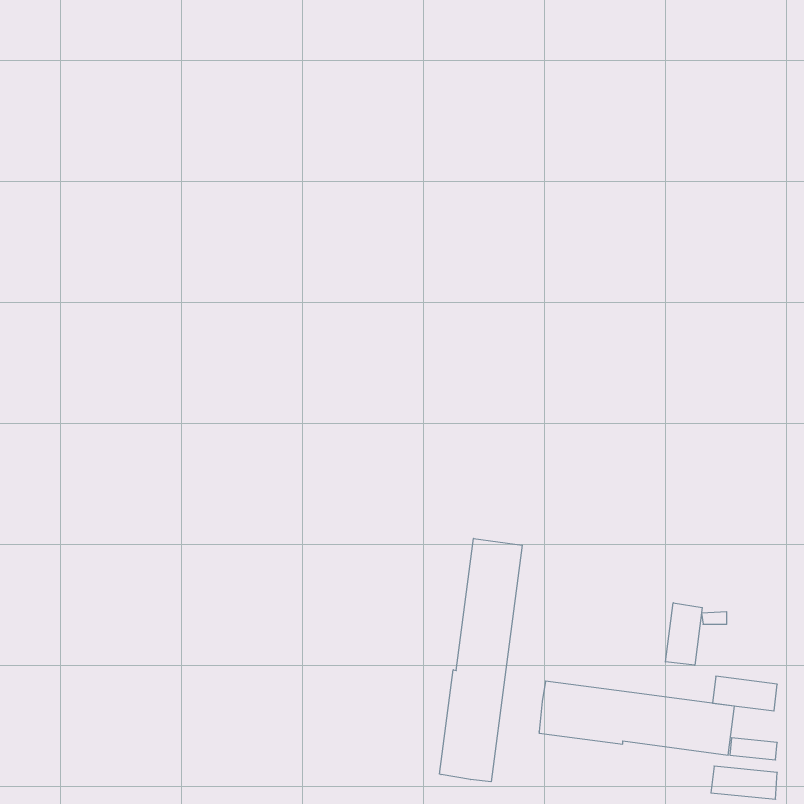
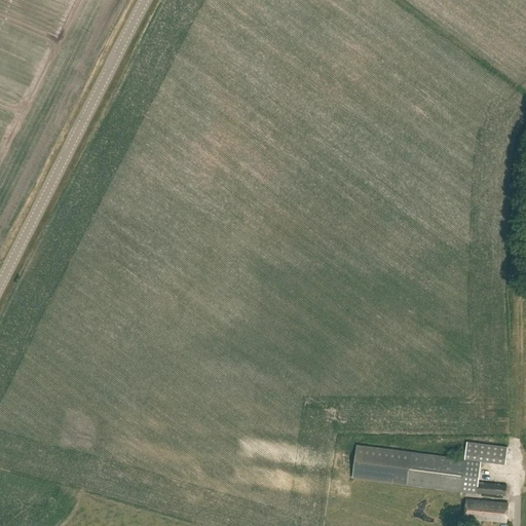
building: [440,538,522,782] -> none
building: [665,603,702,665] -> none

